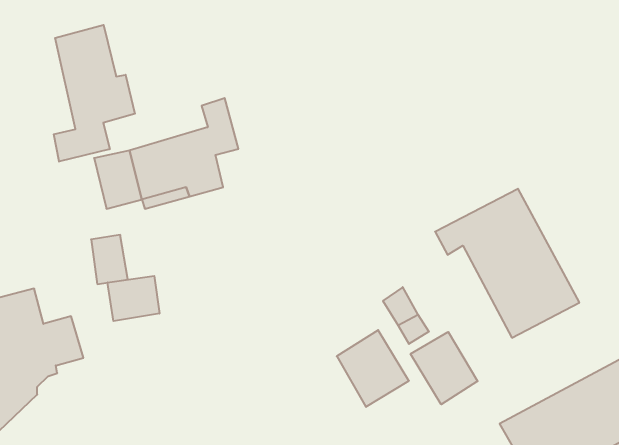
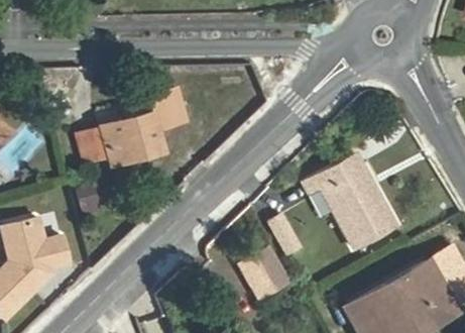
building: [54,25,135,162] -> none
building: [108,276,159,321] -> none
building: [411,332,478,404] -> none

